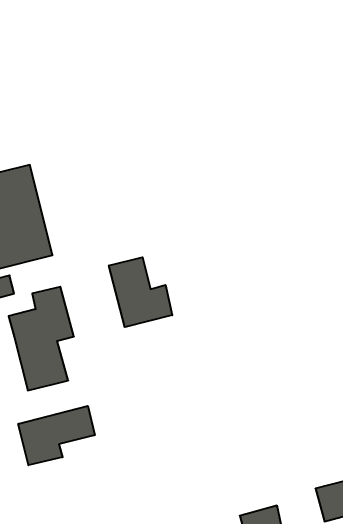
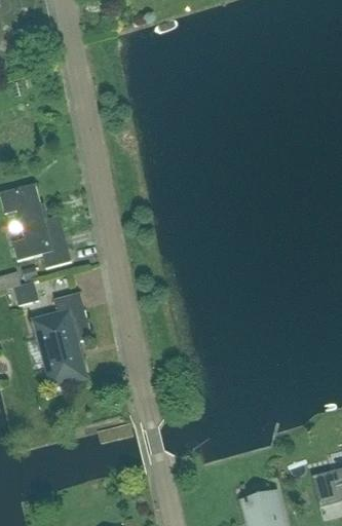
building: [109,257,172,327] -> none
building: [18,406,95,465] -> none

